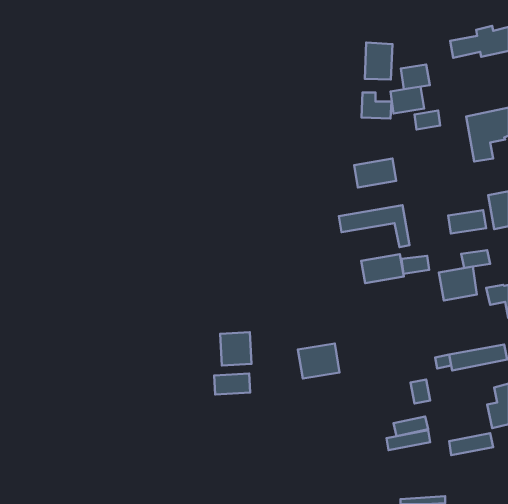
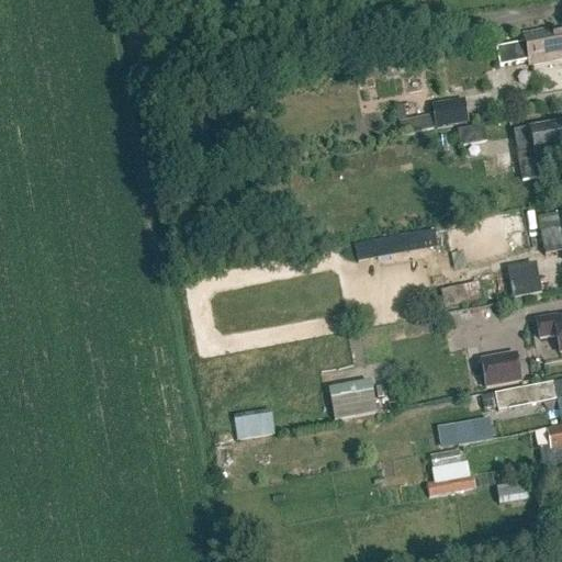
building: [365,42,393,79] -> none
building: [401,64,430,89] -> none
building: [354,158,396,187] -> none
building: [448,210,486,234] -> none
building: [361,254,404,283] -> none
building: [439,267,477,300] -> [480,349,521,386]
building: [220,332,251,366] -> none

